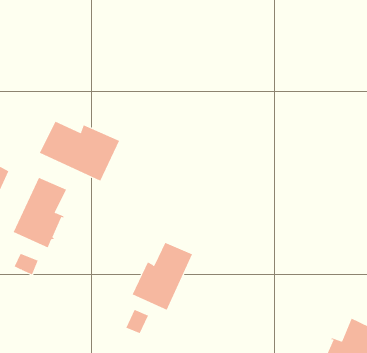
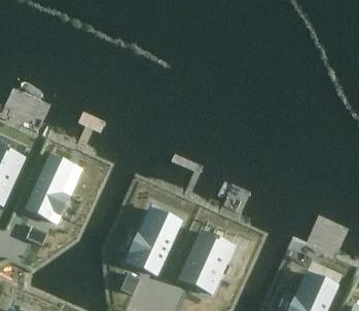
building: [39,121,120,182] -> none
building: none -> [181,229,234,290]

